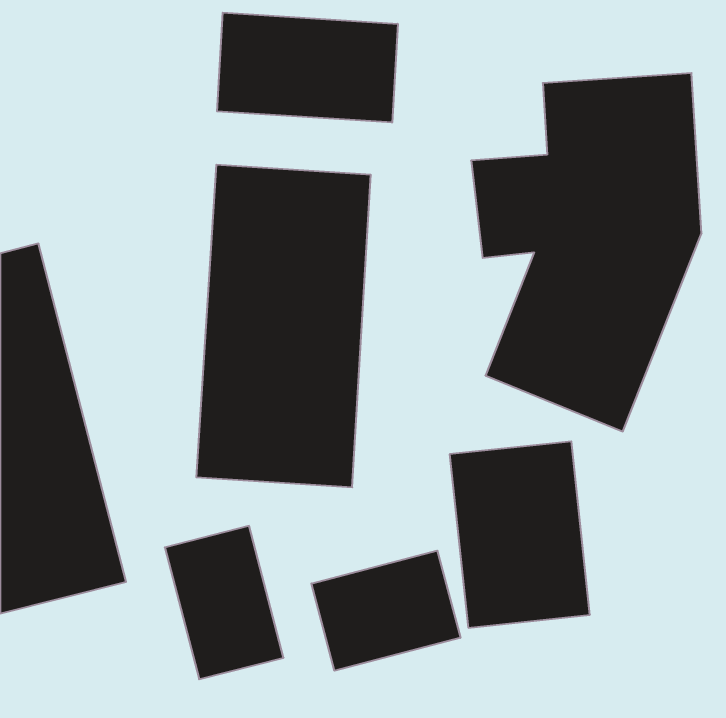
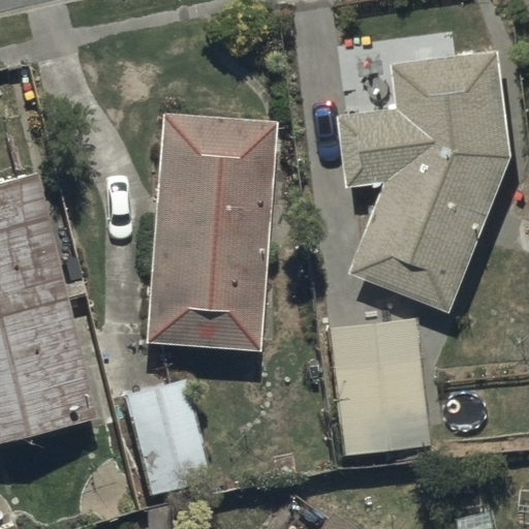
building: [217,13,398,123] -> none
building: [311,551,460,671] -> none

